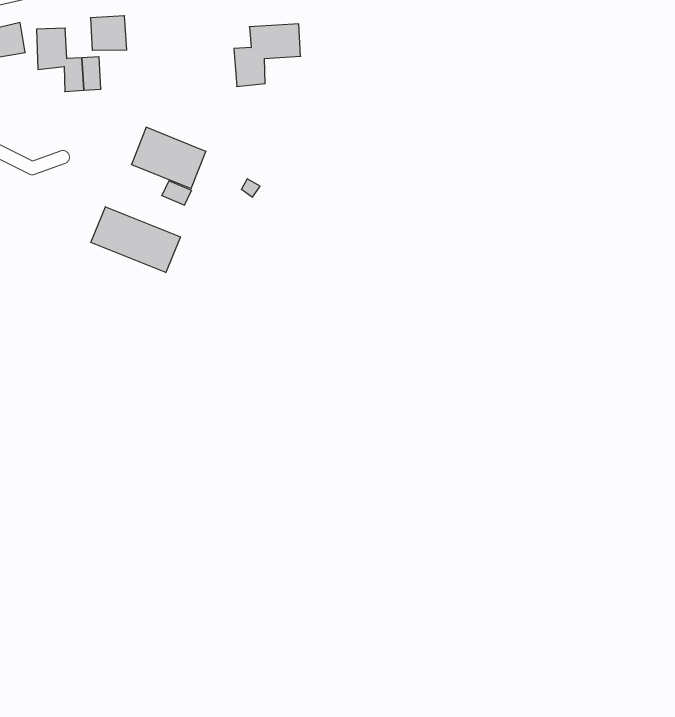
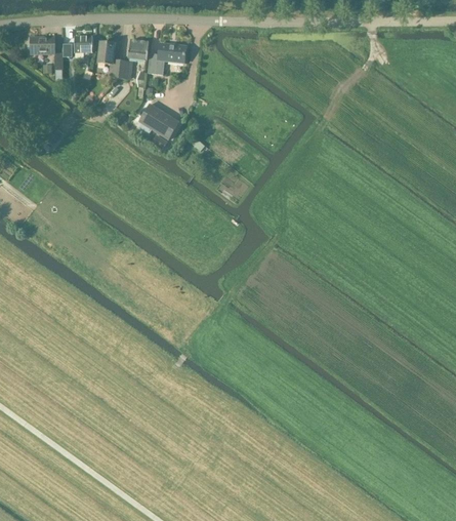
building: [234,24,301,87] -> [148,42,186,74]
building: [91,207,180,273] -> none

